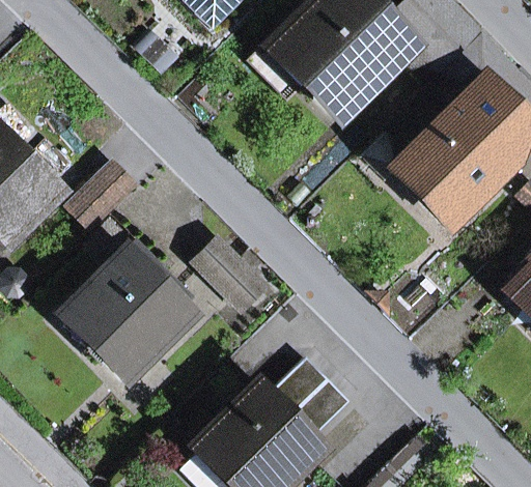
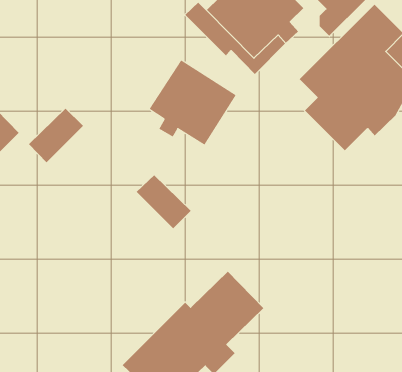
building: none -> [149,60,237,145]
building: [65,241,194,369] -> none

